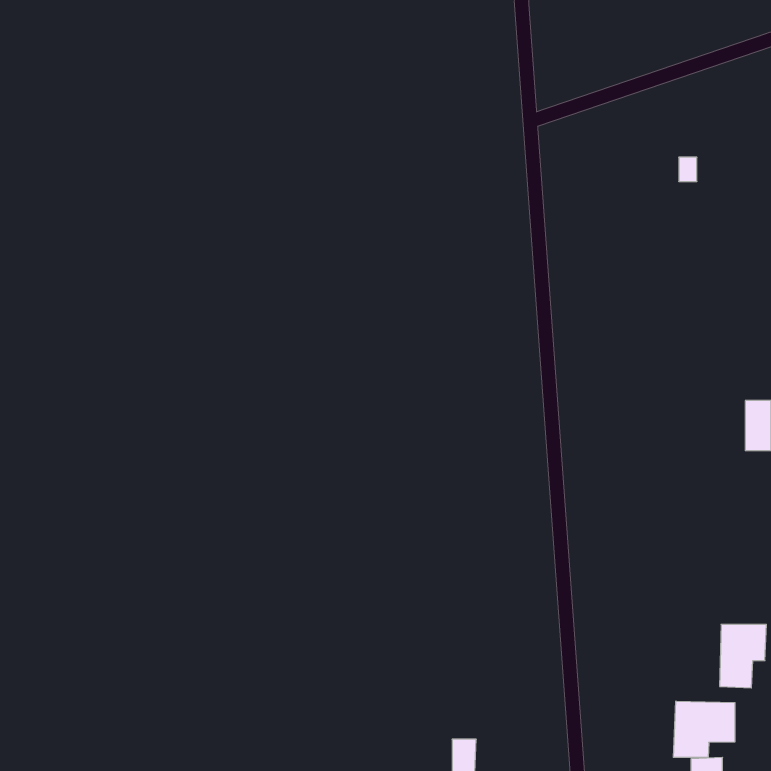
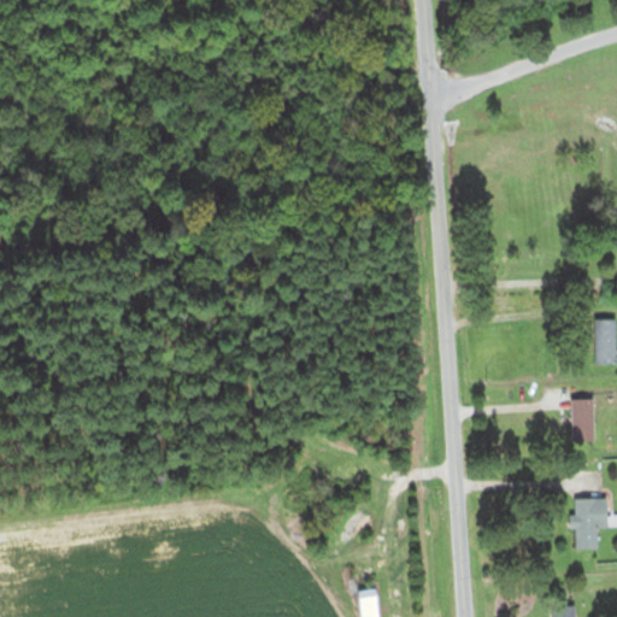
building: none -> [572,400,595,442]
building: [673,701,735,757] -> none

